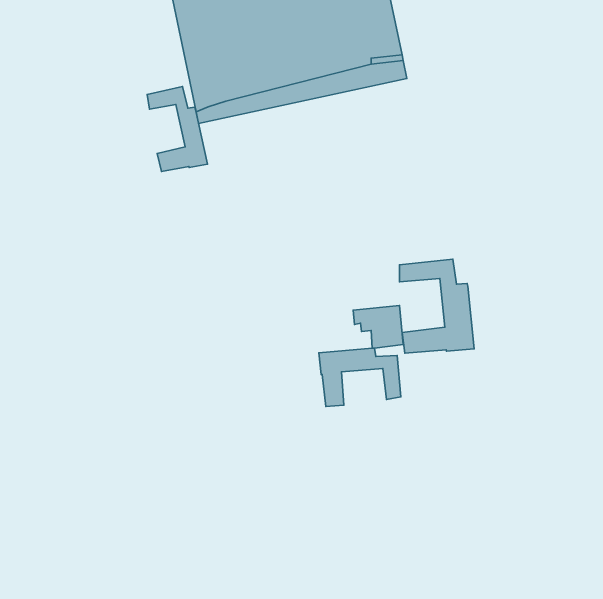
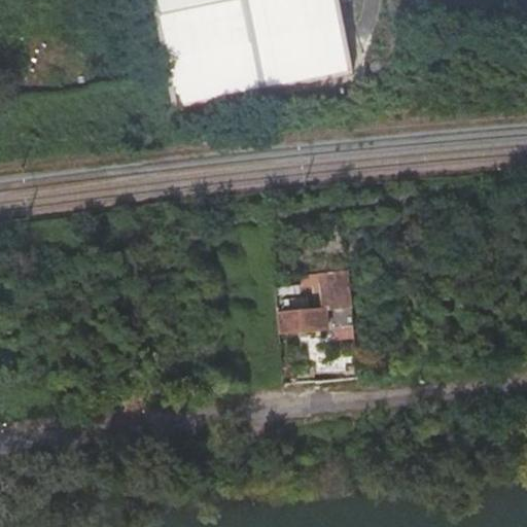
building: [147,87,207,172] -> none
building: [399,259,474,353] -> none

